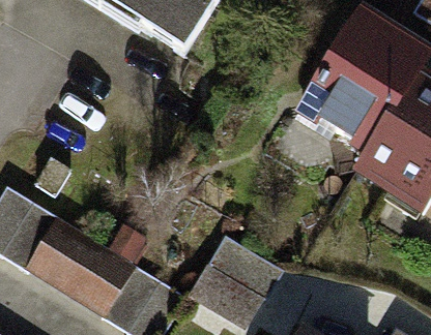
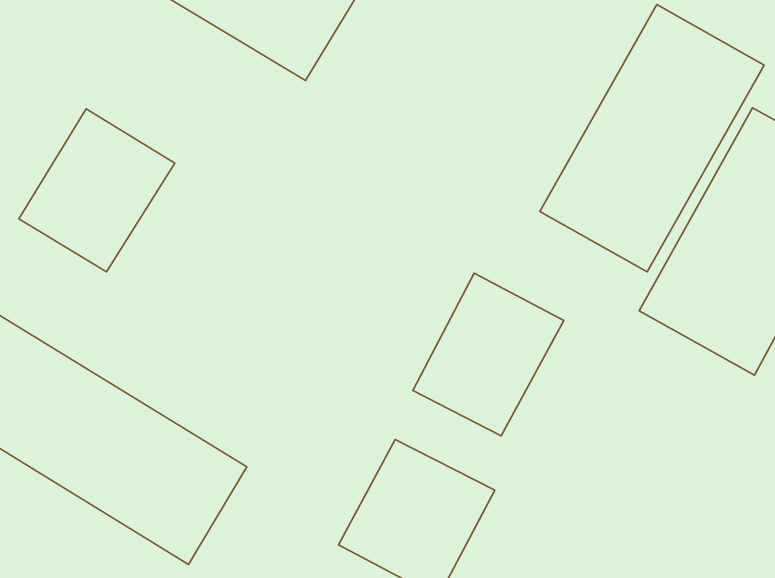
building: none -> [19,109,175,272]
building: none -> [413,273,564,436]

